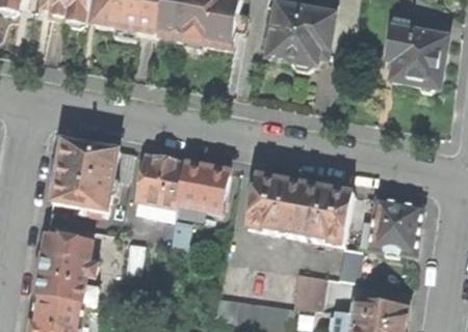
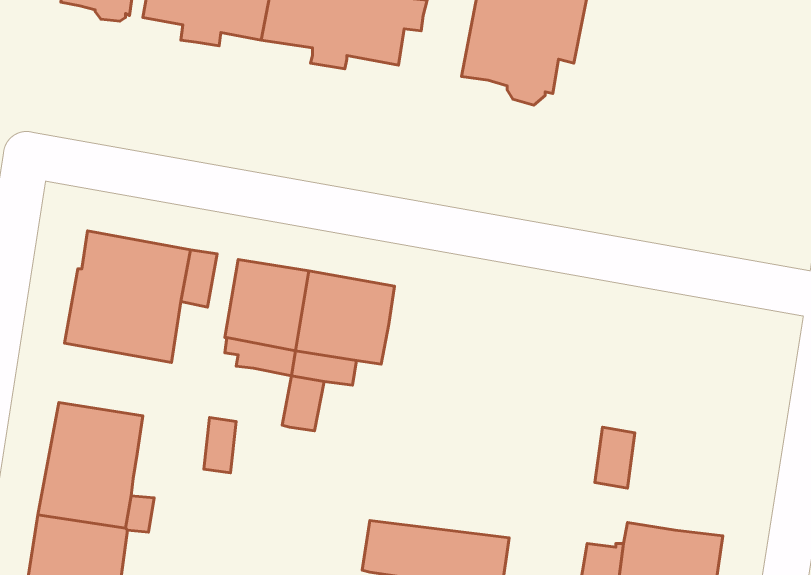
building: [384,23,447,91] -> none
building: [245,174,353,242] -> none
building: [367,197,422,254] -> none
building: [292,271,324,308] -> none

